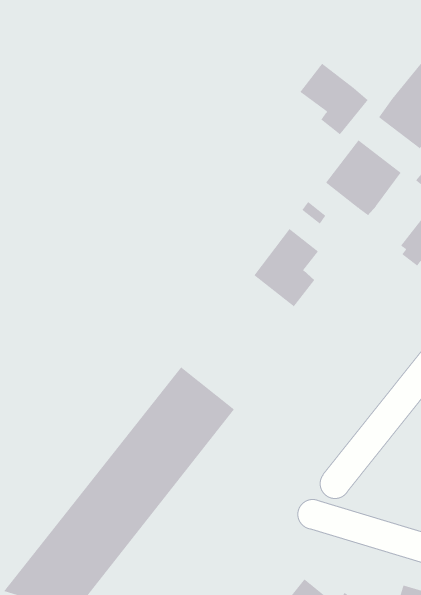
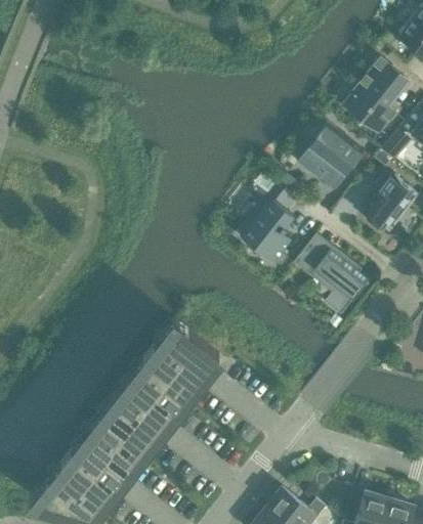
building: [300,63,368,135] -> none
building: none -> [294,243,370,315]

